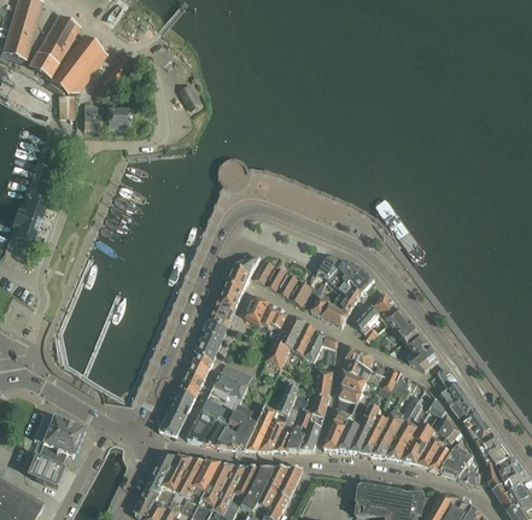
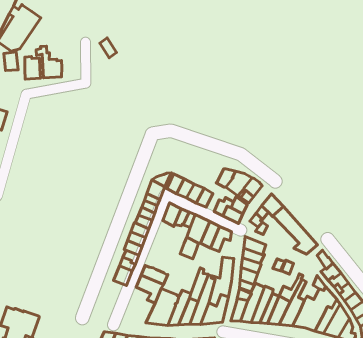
building: [159,390,195,436] -> none
building: [187,399,230,445] -> none

